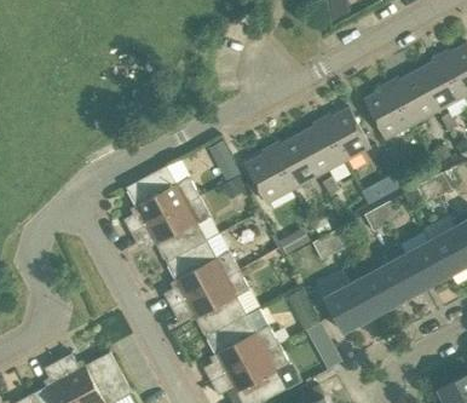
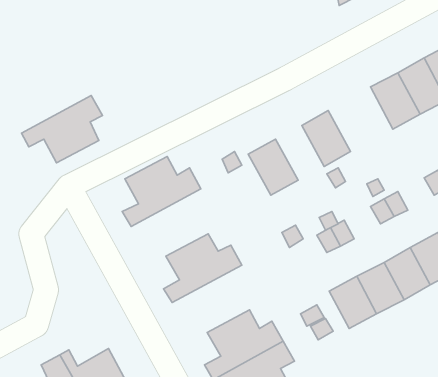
building: [323,108,370,161] -> none
building: [272,136,319,189] -> none
building: [132,197,211,263] -> [21,96,103,163]
building: [172,271,250,336] -> none

